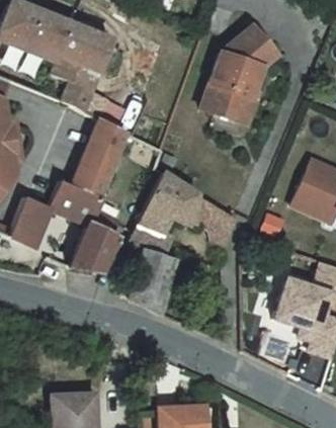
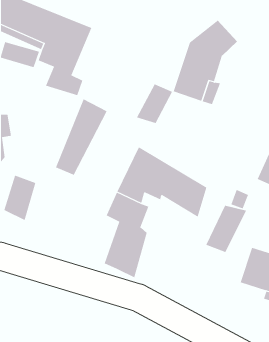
building: none -> [136,84,173,124]
building: [49,186,116,275] -> none
building: none -> [206,205,247,253]

